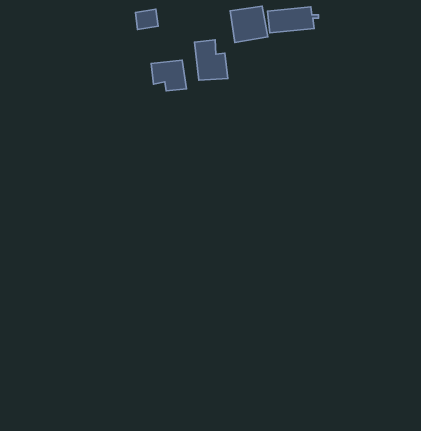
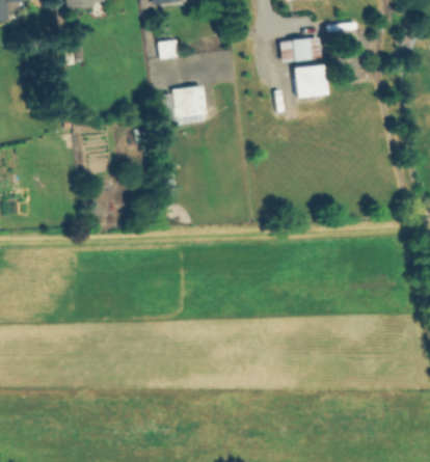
building: [230,6,268,43] -> [293,64,327,98]
building: [195,40,228,80] -> none

